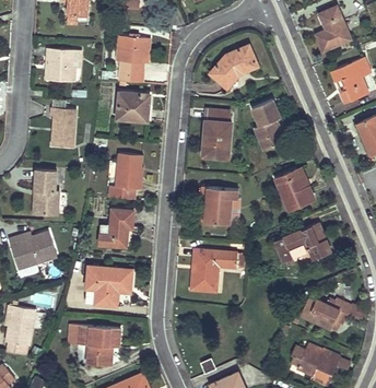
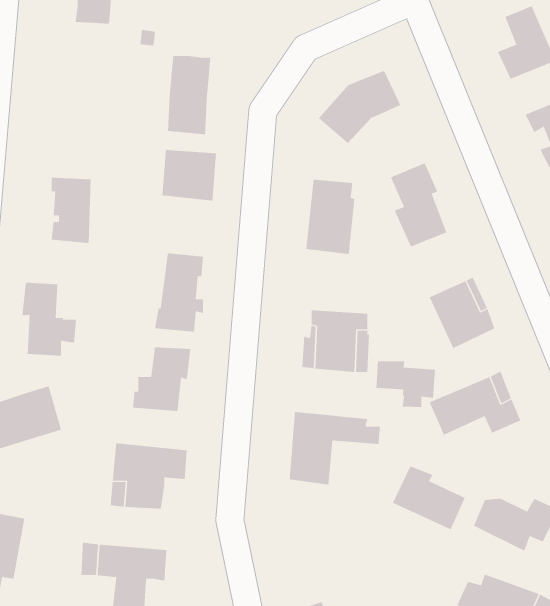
building: [46,50,80,82] -> none
building: none -> [376,361,436,408]
building: none -> [392,466,465,530]

